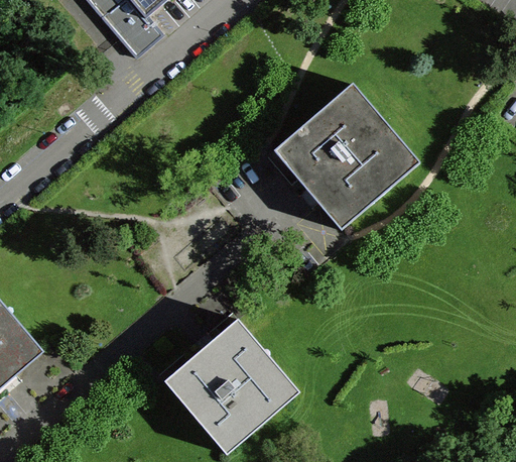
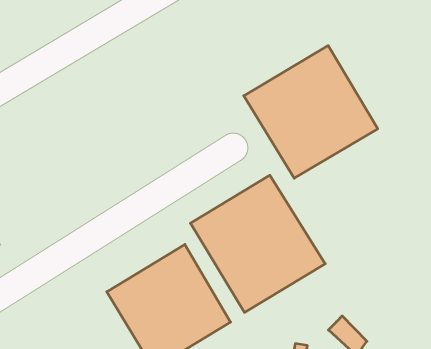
building: none -> [190,175,325,312]

